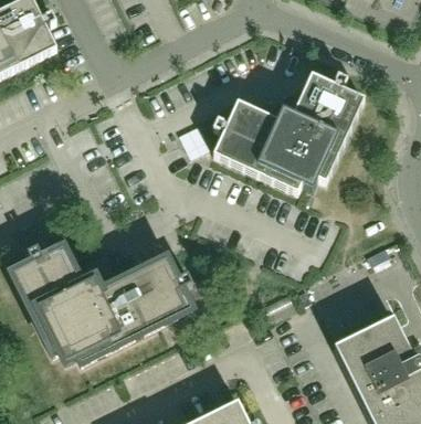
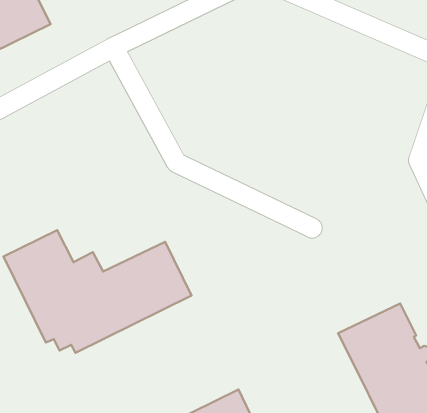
building: [213,72,364,191] -> none

